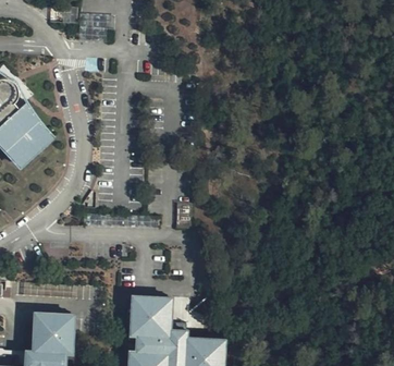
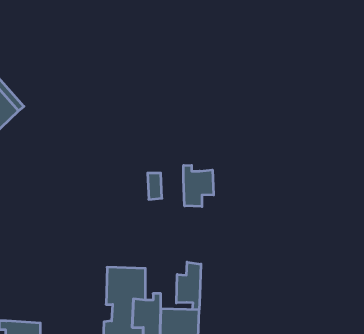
building: none -> [183,165,214,207]
building: none -> [176,262,201,310]
building: [33,312,74,352] -> none

